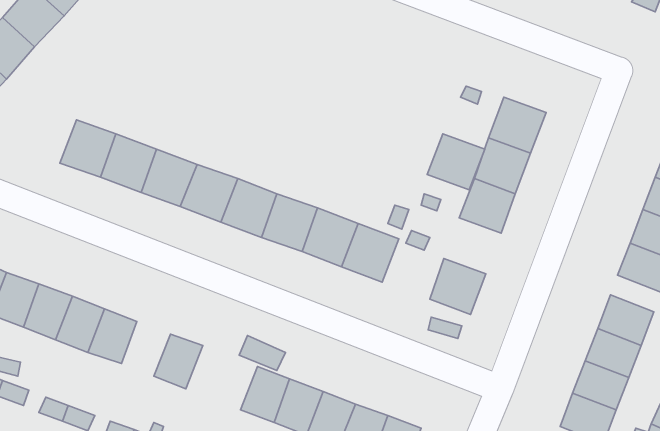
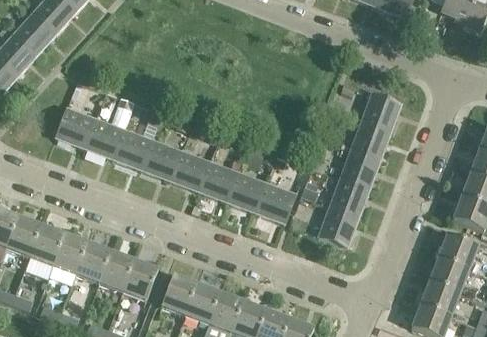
building: [427,134,485,190] -> [328,178,369,218]
building: none -> [98,252,133,291]
building: none -> [160,275,195,315]

